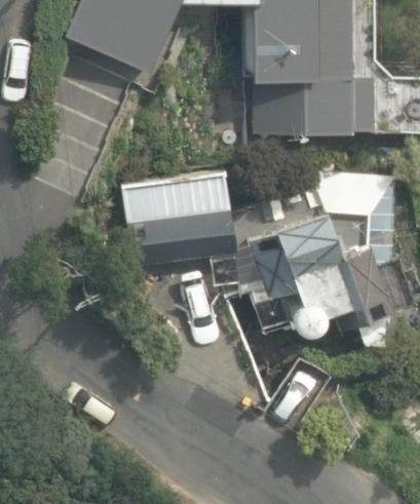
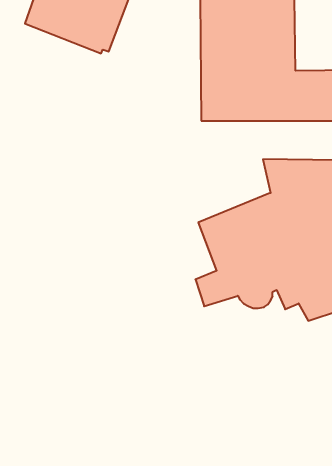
building: [120,171,237,268] -> none

